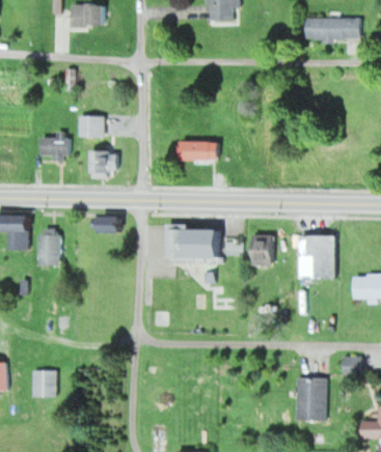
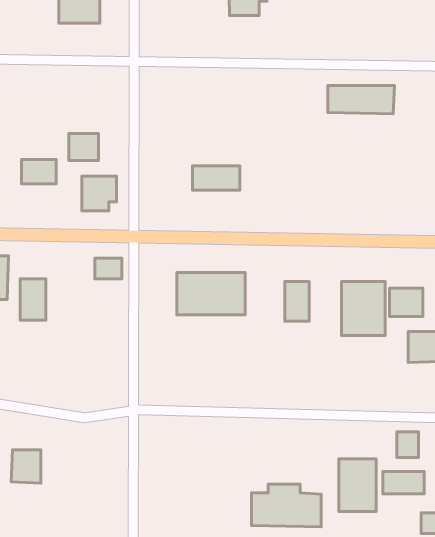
building: [305,19,359,41] -> [328,86,395,114]
building: none -> [390,288,423,317]
building: none -> [383,471,424,494]
building: none -> [252,484,321,527]

